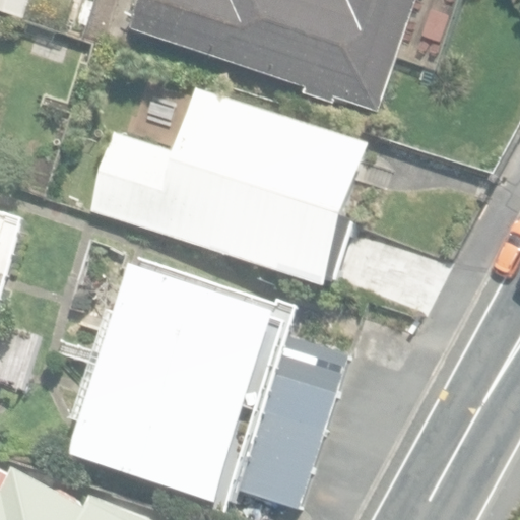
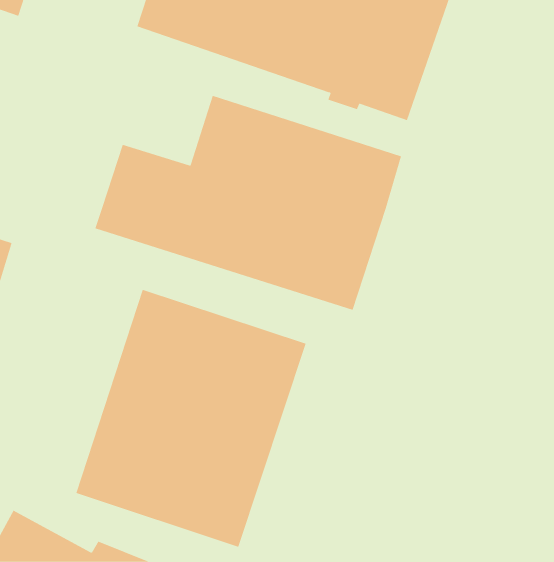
building: [234,332,346,506] -> none

